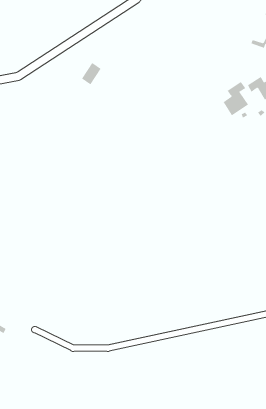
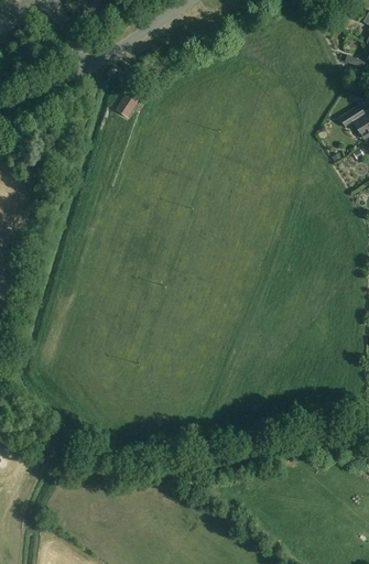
building: [223,81,249,116] -> none

